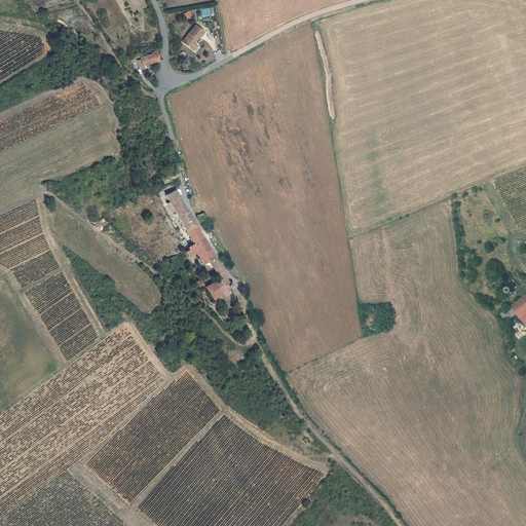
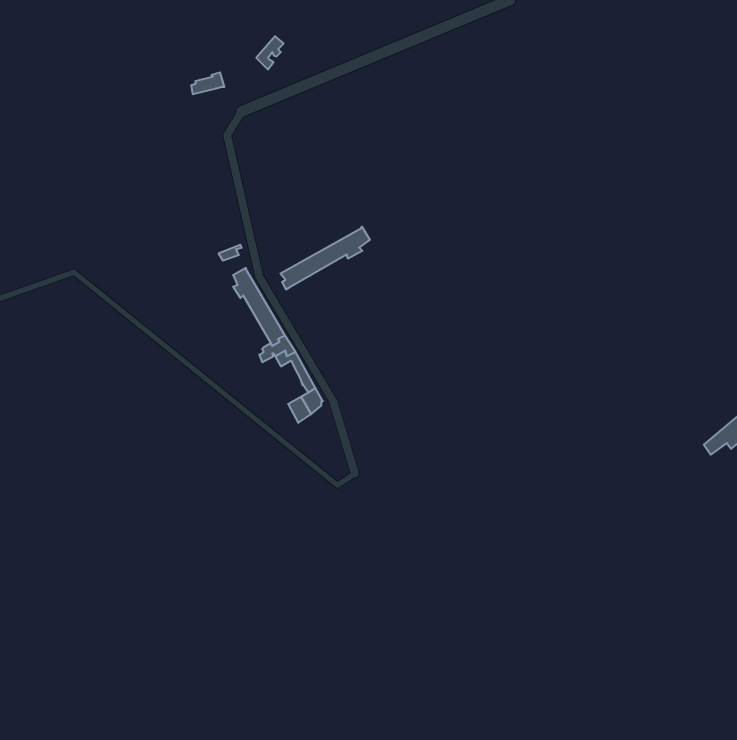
building: none -> [280,227,370,290]

